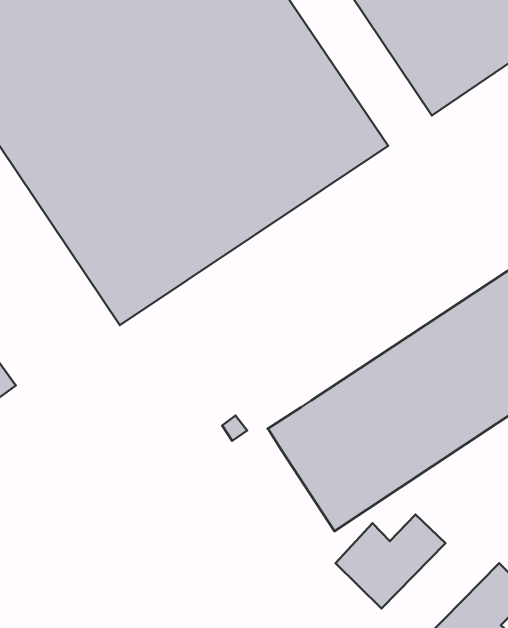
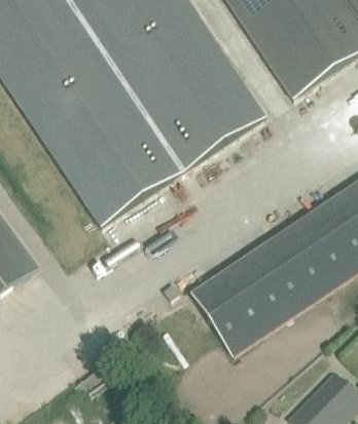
building: [336,514,446,609] -> none

